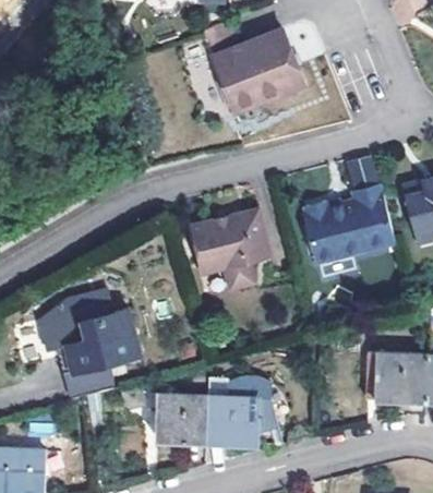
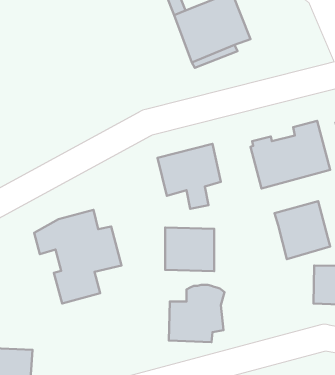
building: none -> [274,201,330,259]
building: none -> [165,228,214,271]
building: [158,395,206,442] -> none

